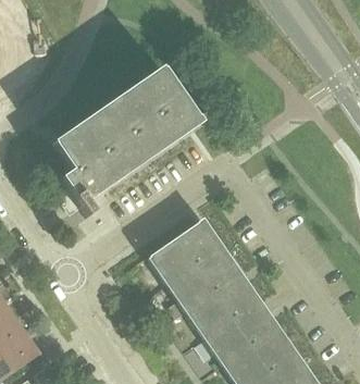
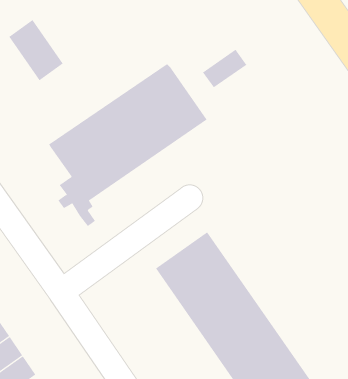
building: none -> [8,19,64,81]
building: none -> [202,49,247,88]

